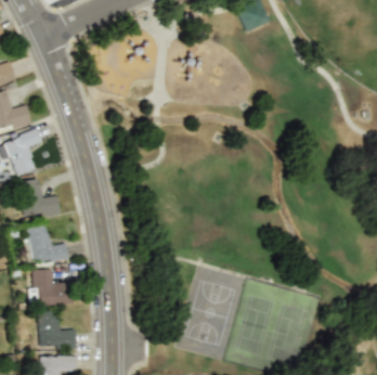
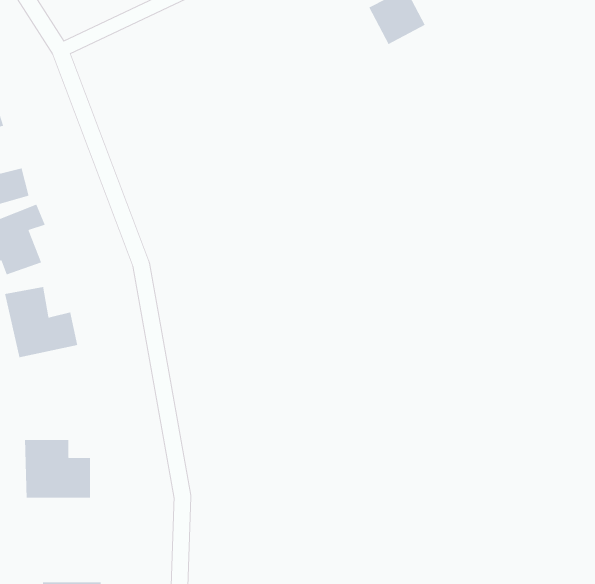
building: [26,223,67,264] -> none
building: [38,310,75,349] -> none

